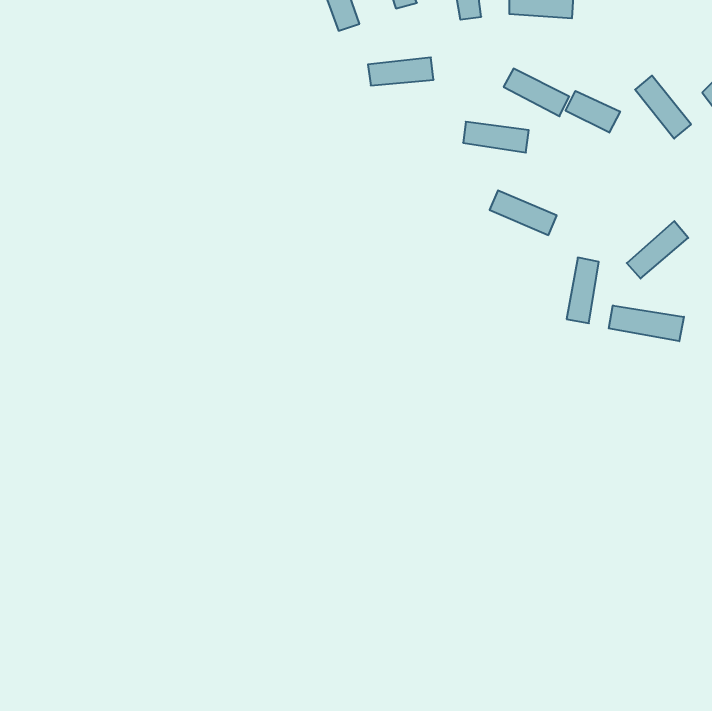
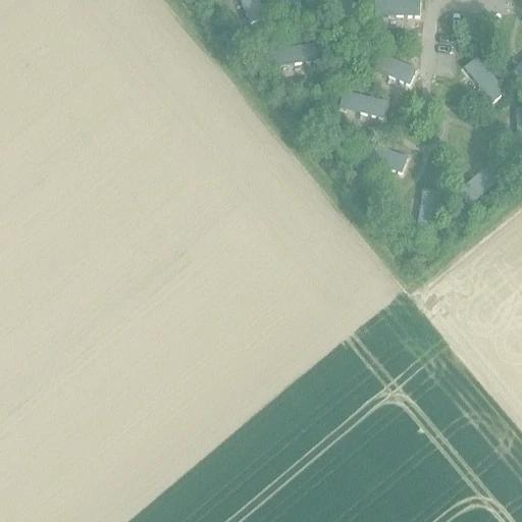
building: [566,91,620,133] -> none
building: [609,305,684,341] -> none

